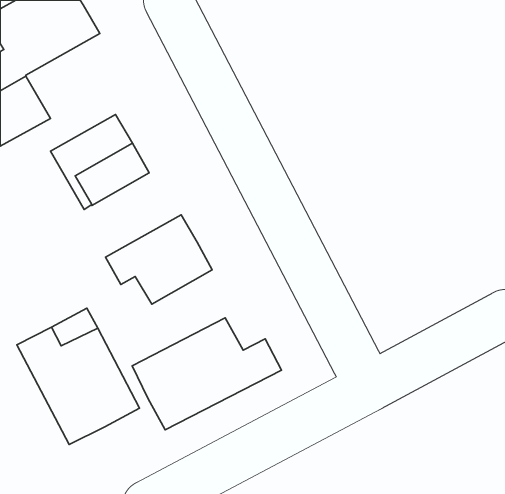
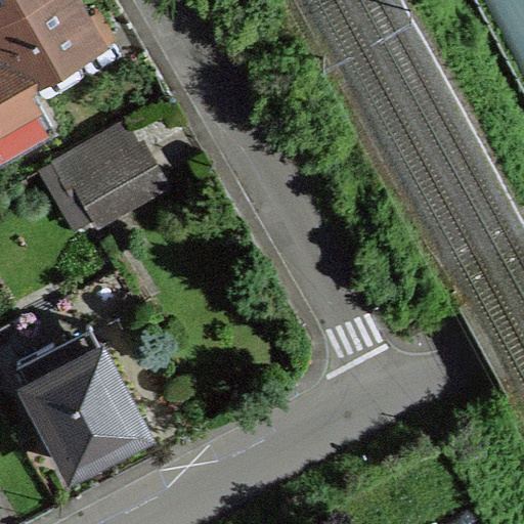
building: [105,215,212,304] -> none
building: [132,318,281,430] -> none

